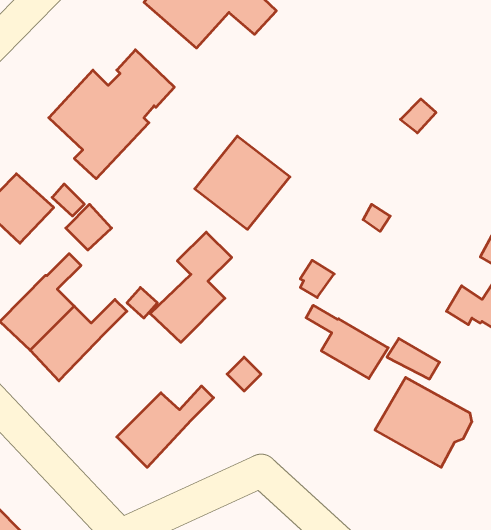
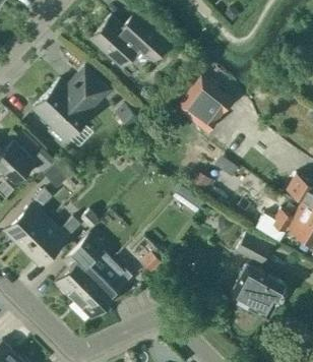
building: [195,136,290,229] -> [175,77,232,133]
building: [150,232,232,342] -> [56,234,105,300]
building: [306,305,388,379] -> none

